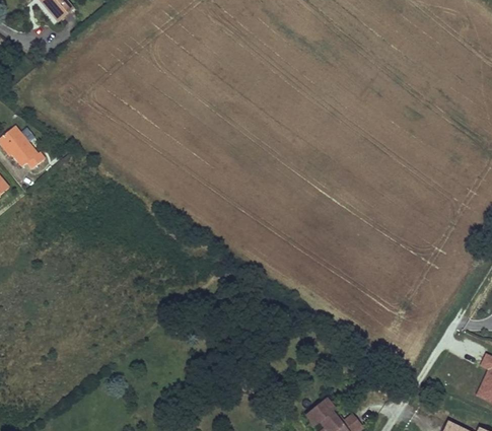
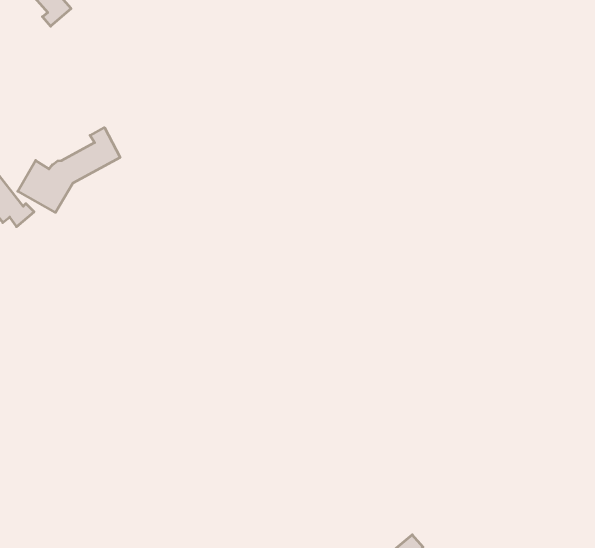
building: none -> [18,128,120,212]

